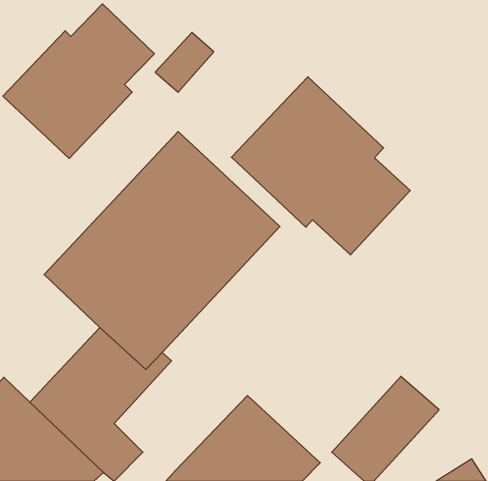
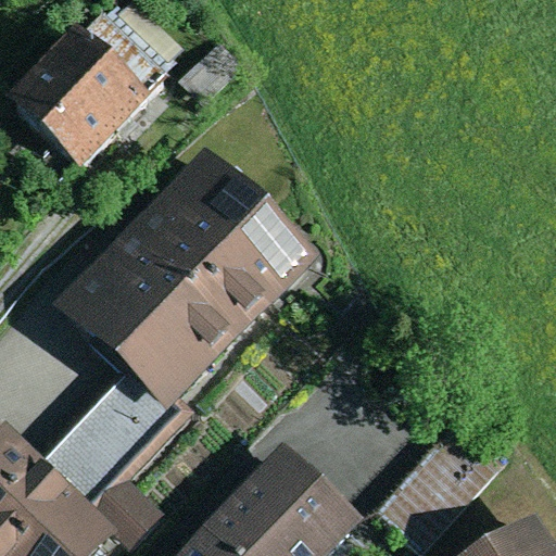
building: [231,77,410,255] -> none

